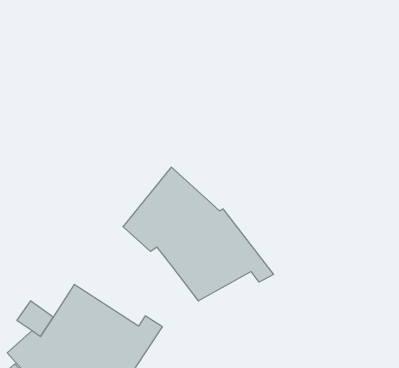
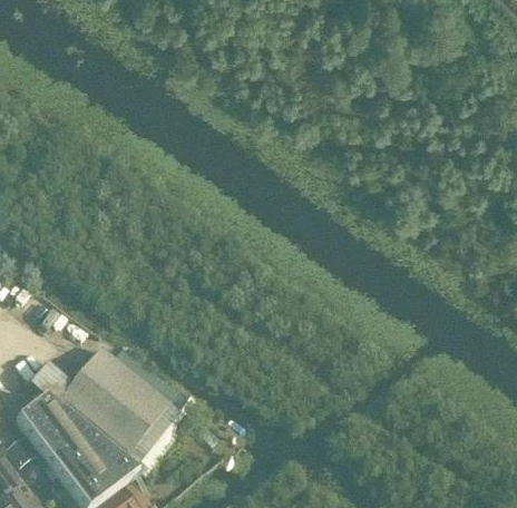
building: [123,167,273,301] -> none

